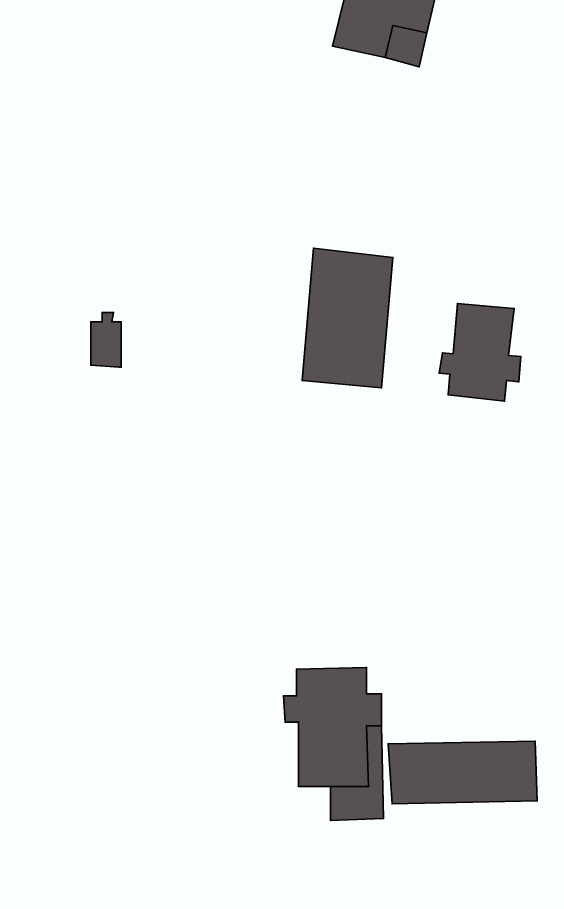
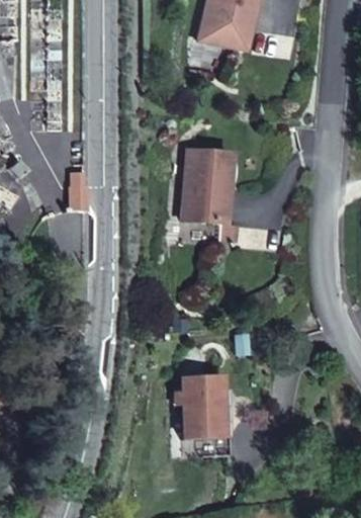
building: [439,304,521,401] -> none
building: [388,741,537,804] -> none

